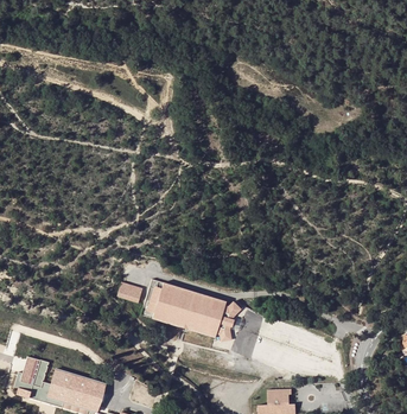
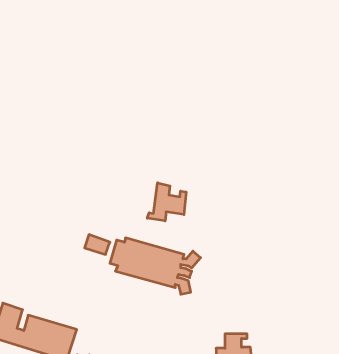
building: none -> [147,183,186,221]

